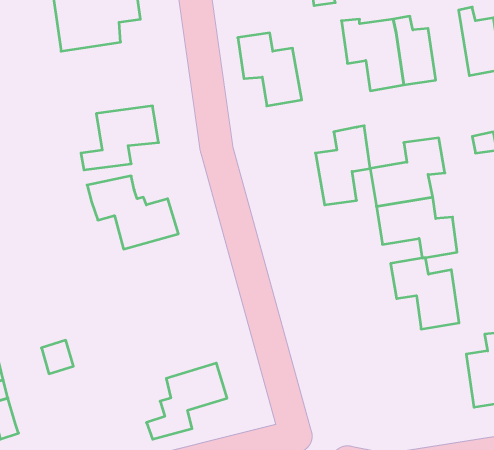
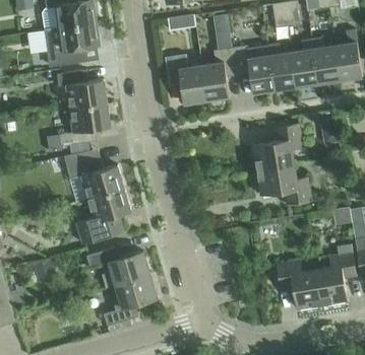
building: none -> [291,40,318,86]
building: none -> [57,71,107,109]
building: [315,126,370,205] -> [200,47,237,99]
building: none -> [76,189,131,244]
building: [391,258,459,329] -> [276,261,321,308]
building: none -> [86,247,149,285]

